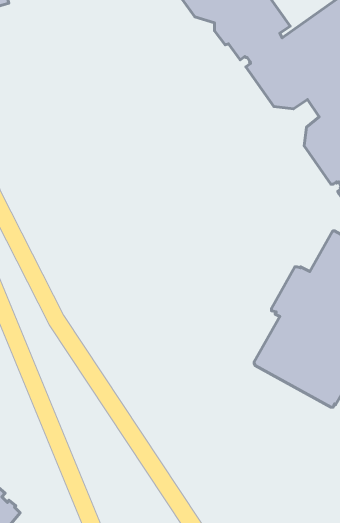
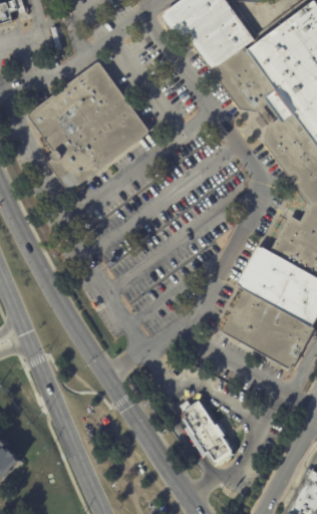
building: none -> [27,61,148,191]
building: none -> [181,398,234,464]

